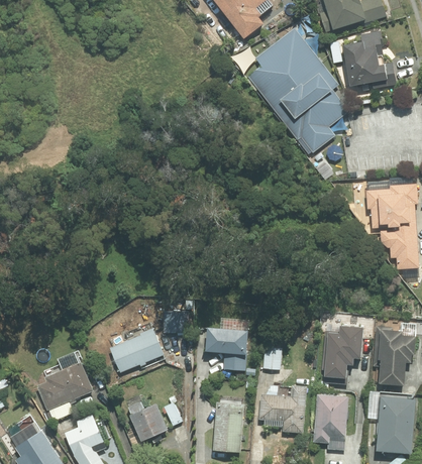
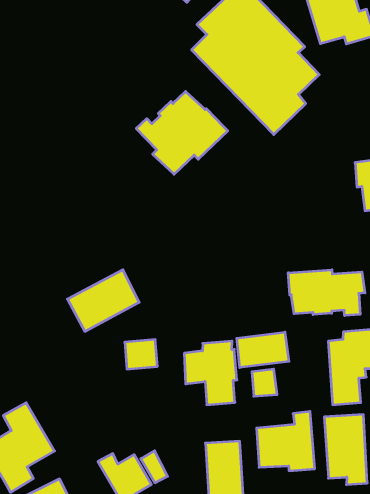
building: none -> [136,91,228,174]
building: none -> [288,270,365,316]
building: none -> [237,332,289,368]
building: [104,326,163,372] -> [67,270,139,331]

